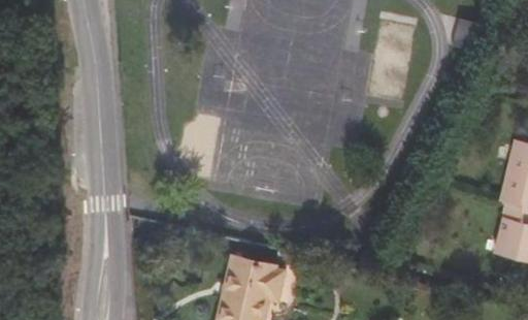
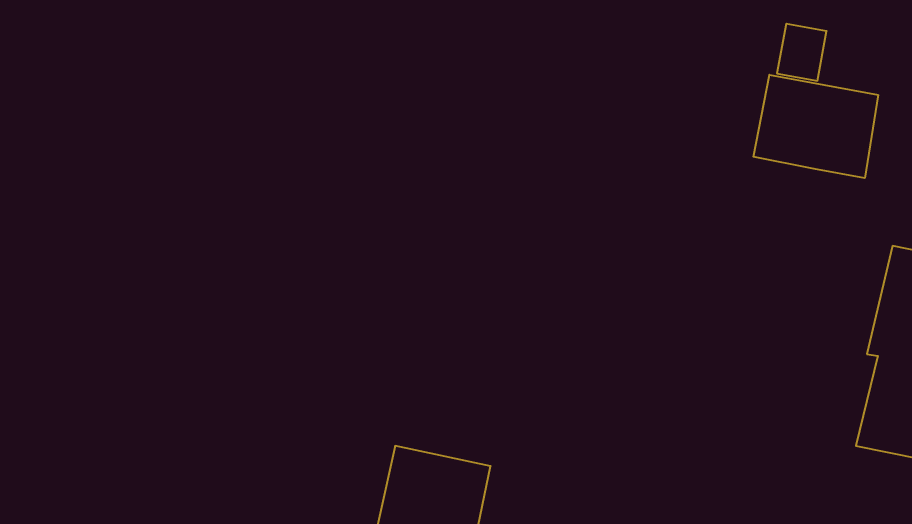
building: none -> [753,75,878,178]

